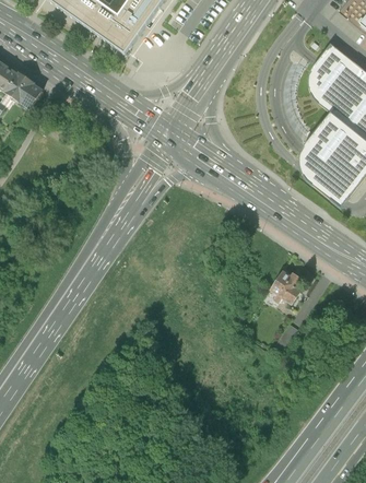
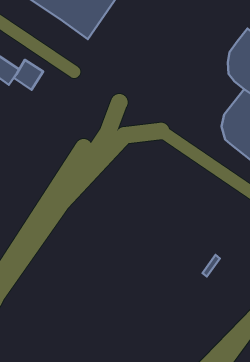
building: none -> [14,60,43,90]
building: [270,269,303,303] -> none

